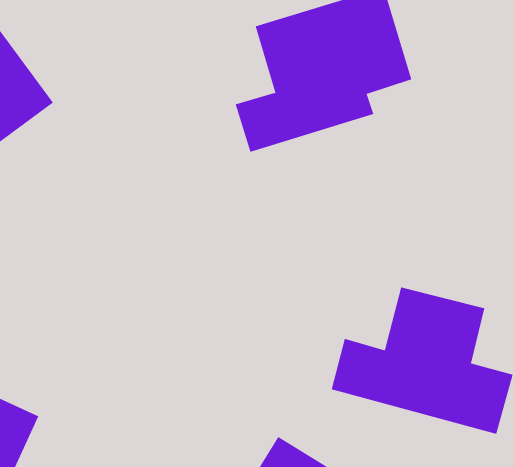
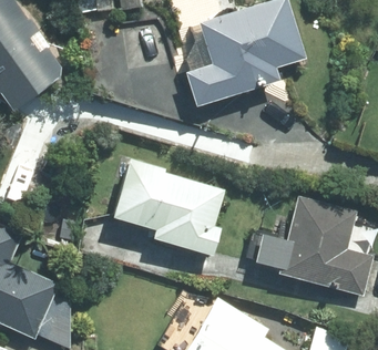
building: none -> [111,161,224,254]

